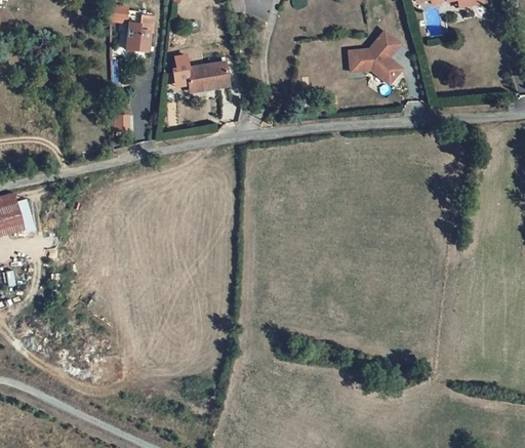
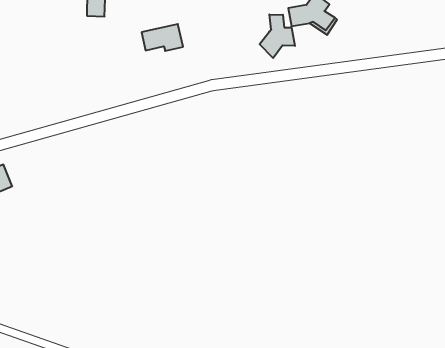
building: none -> [260,14,295,58]

